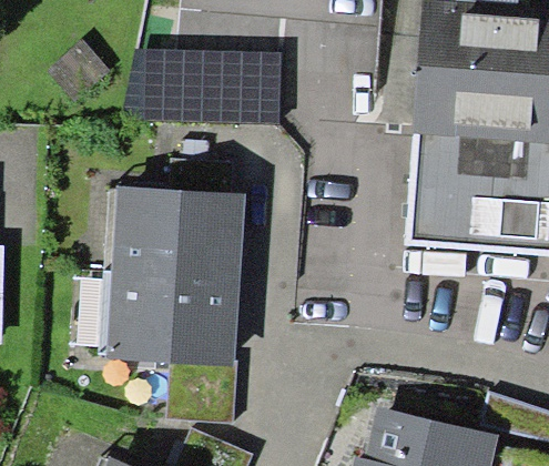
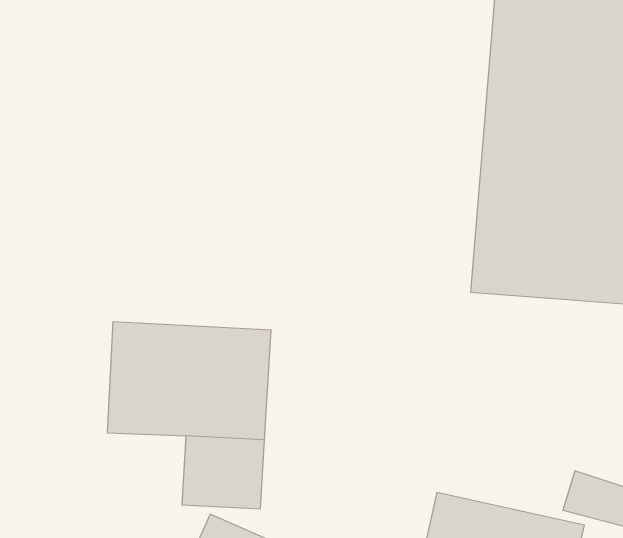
building: [121,47,281,123] -> none
building: [111,186,245,275] -> none

